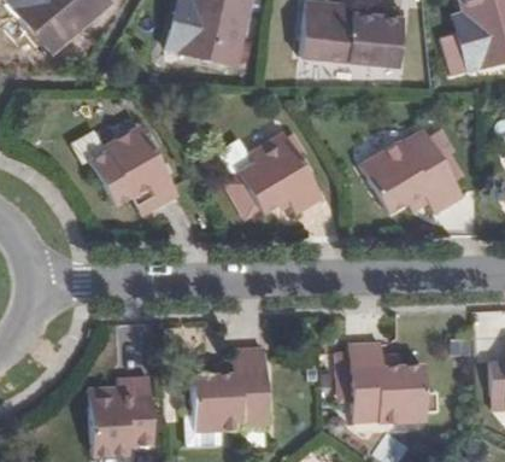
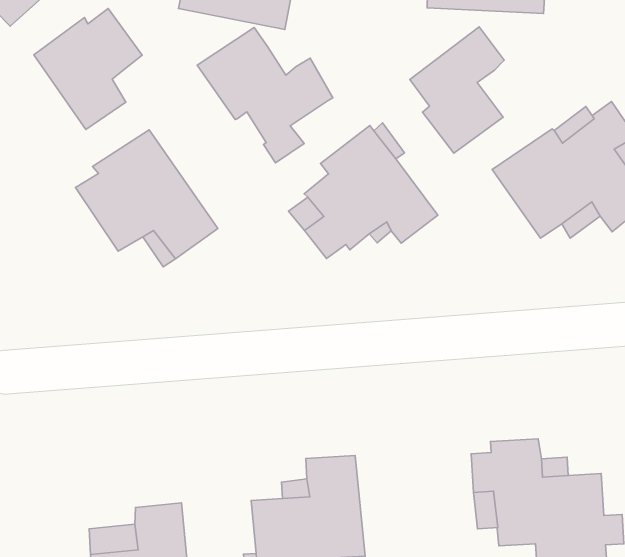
building: none -> [34,8,142,129]
building: none -> [197,27,333,163]
building: none -> [410,27,504,153]

